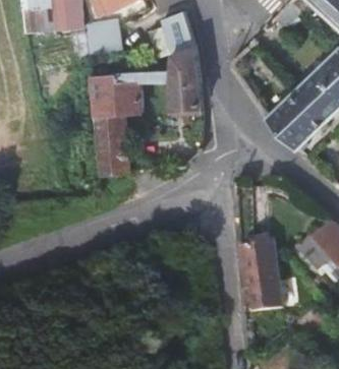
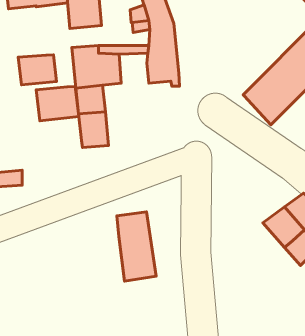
building: none -> [18,55,56,85]
building: none -> [36,87,79,121]
building: [242,240,283,311] -> [117,212,156,281]

